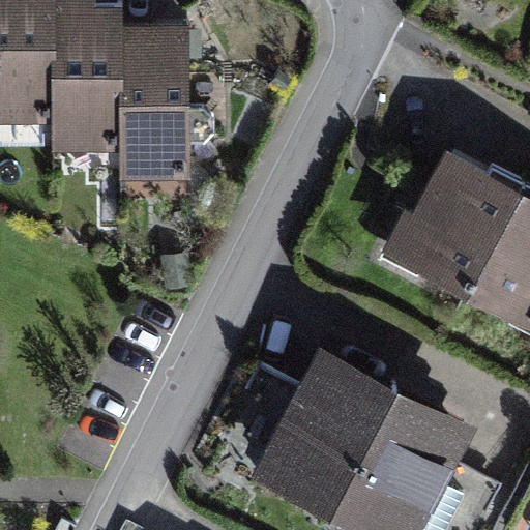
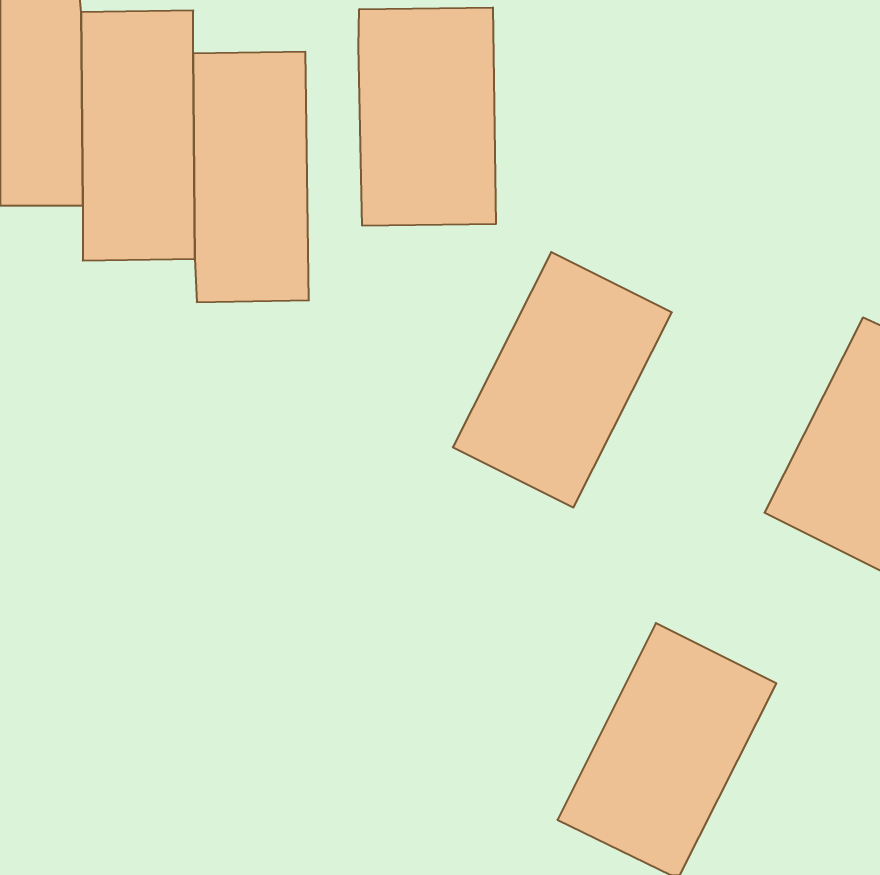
building: none -> [358,7,496,226]
building: [387,154,519,307] -> [453,252,672,507]
building: [263,337,394,492] -> none

